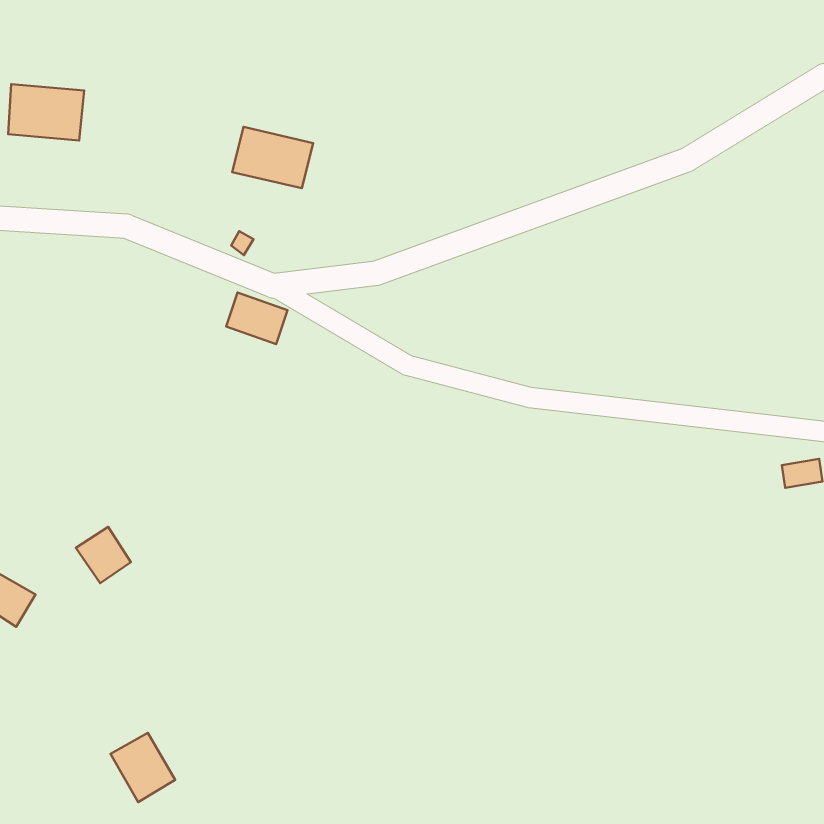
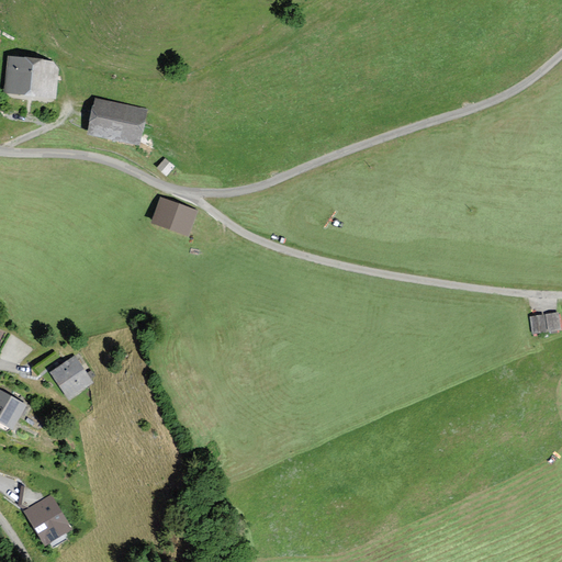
building: [232,127,313,188] -> [89,100,144,142]
building: [111,733,175,802] -> [25,496,69,543]

